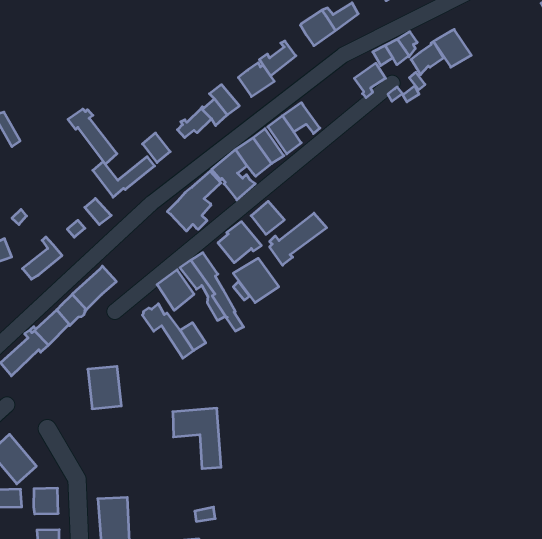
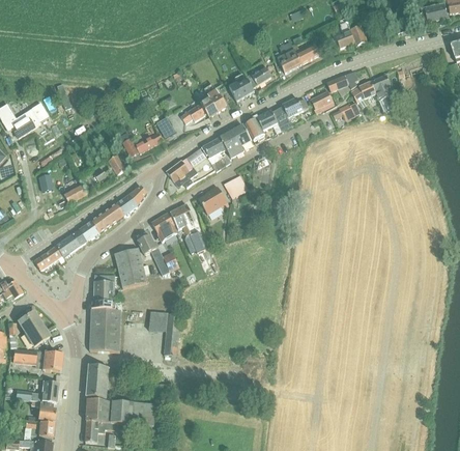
building: none -> [271,96,308,131]
building: [68,109,117,164] -> none
building: [270,213,327,265] -> none
building: none -> [115,186,145,216]
building: [233,258,279,303] -> none
building: none -> [114,248,147,288]
building: none -> [89,309,120,353]

